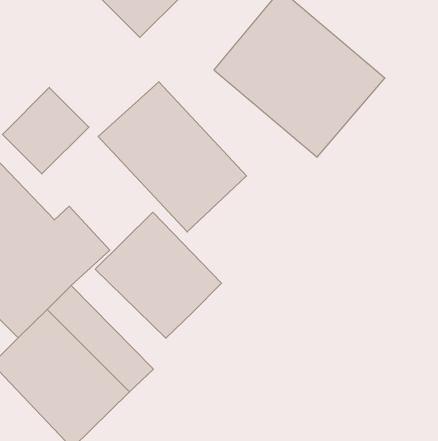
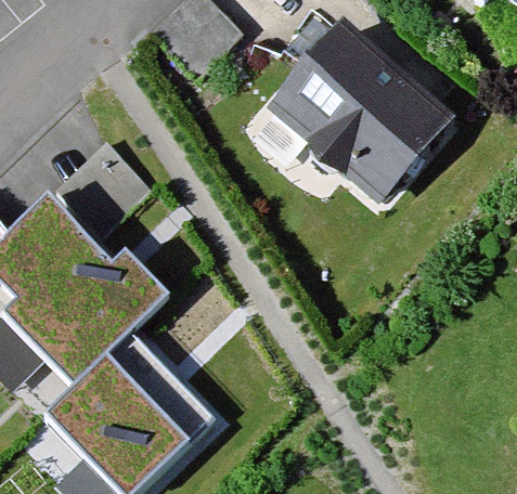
building: [98,82,247,232] -> none
building: [95,212,222,338] -> none

